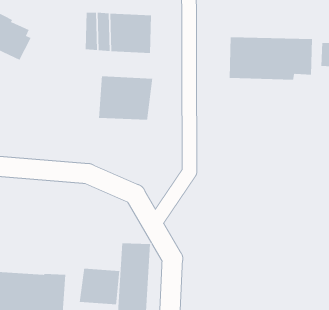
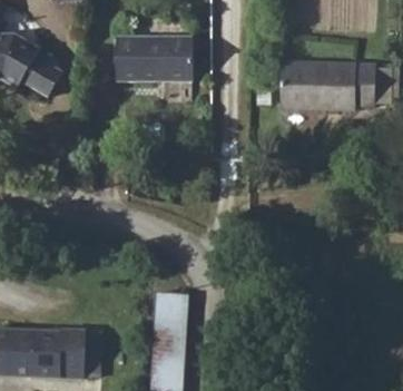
building: [99,76,153,121] -> none
building: [79,268,120,305] -> none

